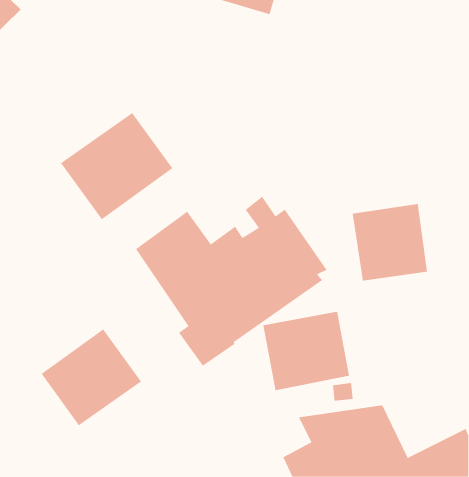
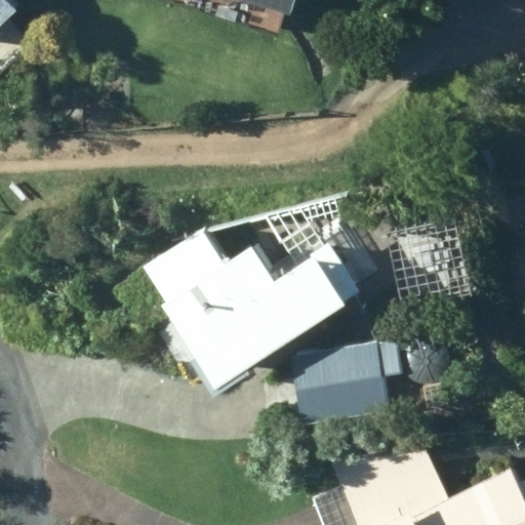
building: [60,112,173,220] -> none
building: [41,329,142,426] -> none

